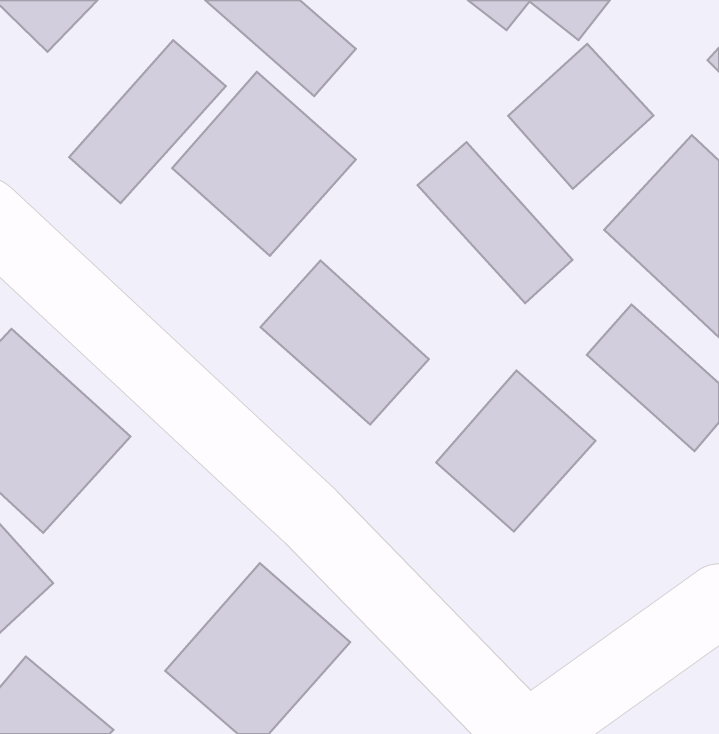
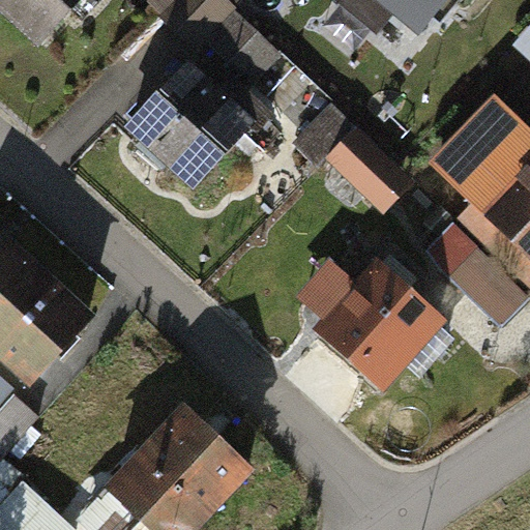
building: [69,40,226,203] -> none
building: [508,44,654,189] -> none
building: [261,261,429,424] -> none

